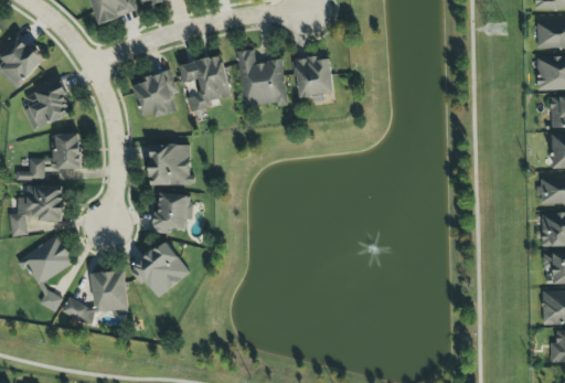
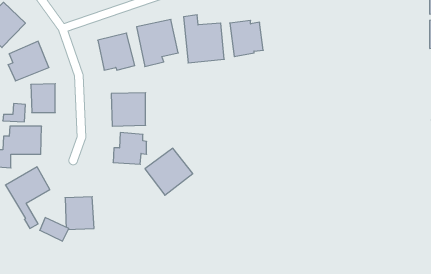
building: [131,242,190,299] -> [145,148,193,195]

